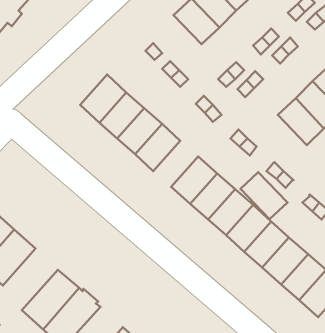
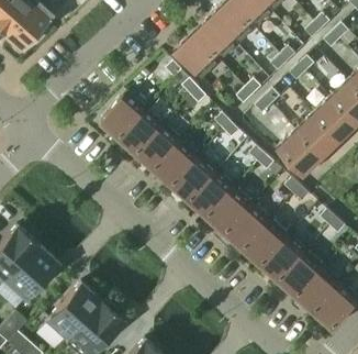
building: none -> [175,34,220,79]
building: none -> [172,157,216,202]
building: [240,172,287,219] -> [277,132,323,178]

